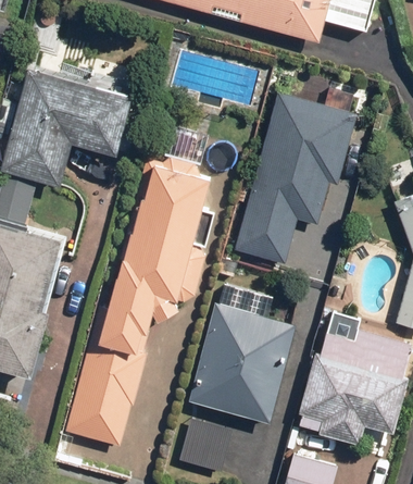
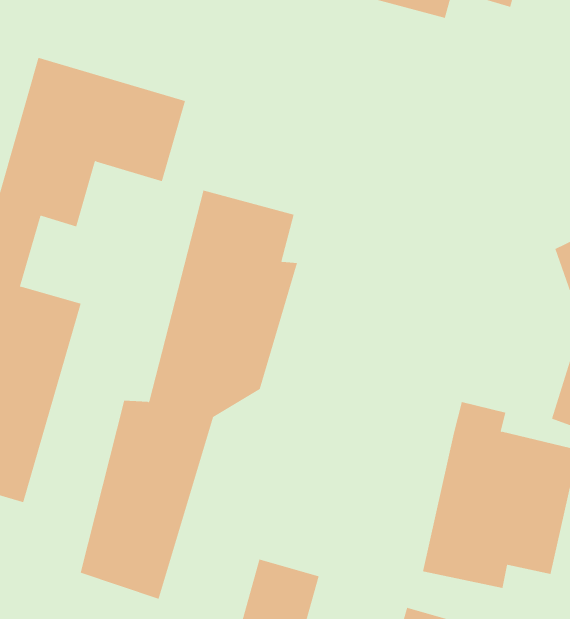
building: [233,92,355,264] -> none
building: [186,302,297,424] -> none

